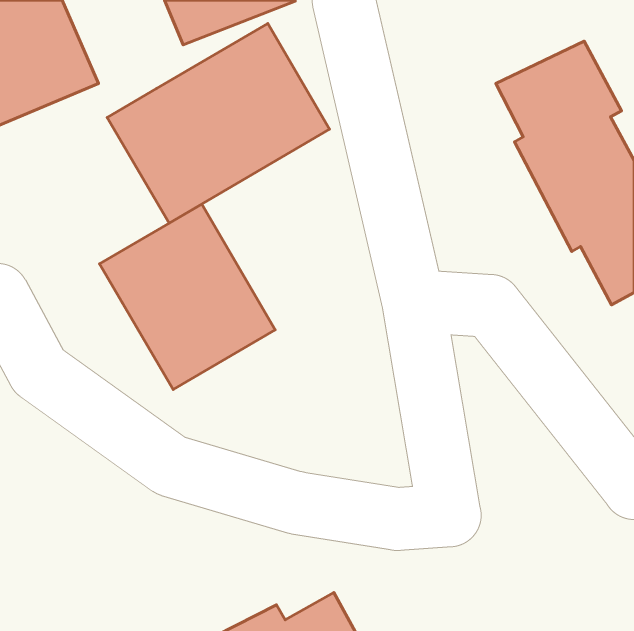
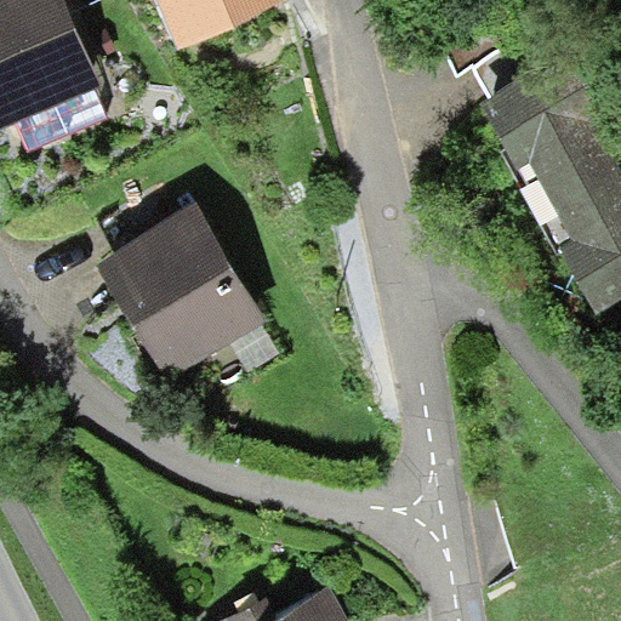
building: [107,23,330,223] -> none

